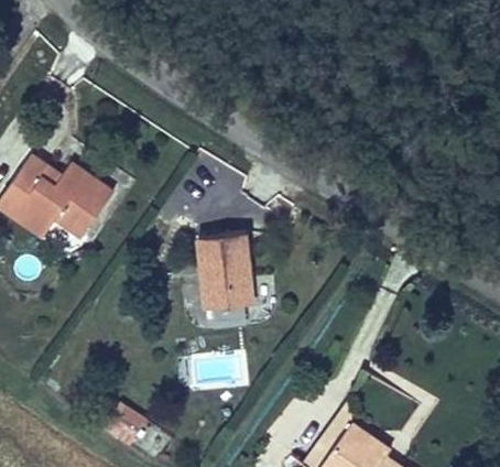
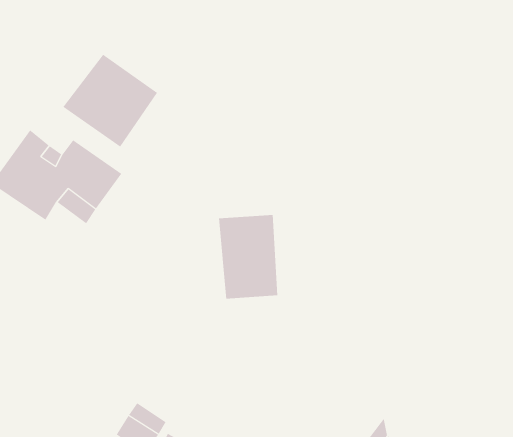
building: none -> [63,54,158,147]

